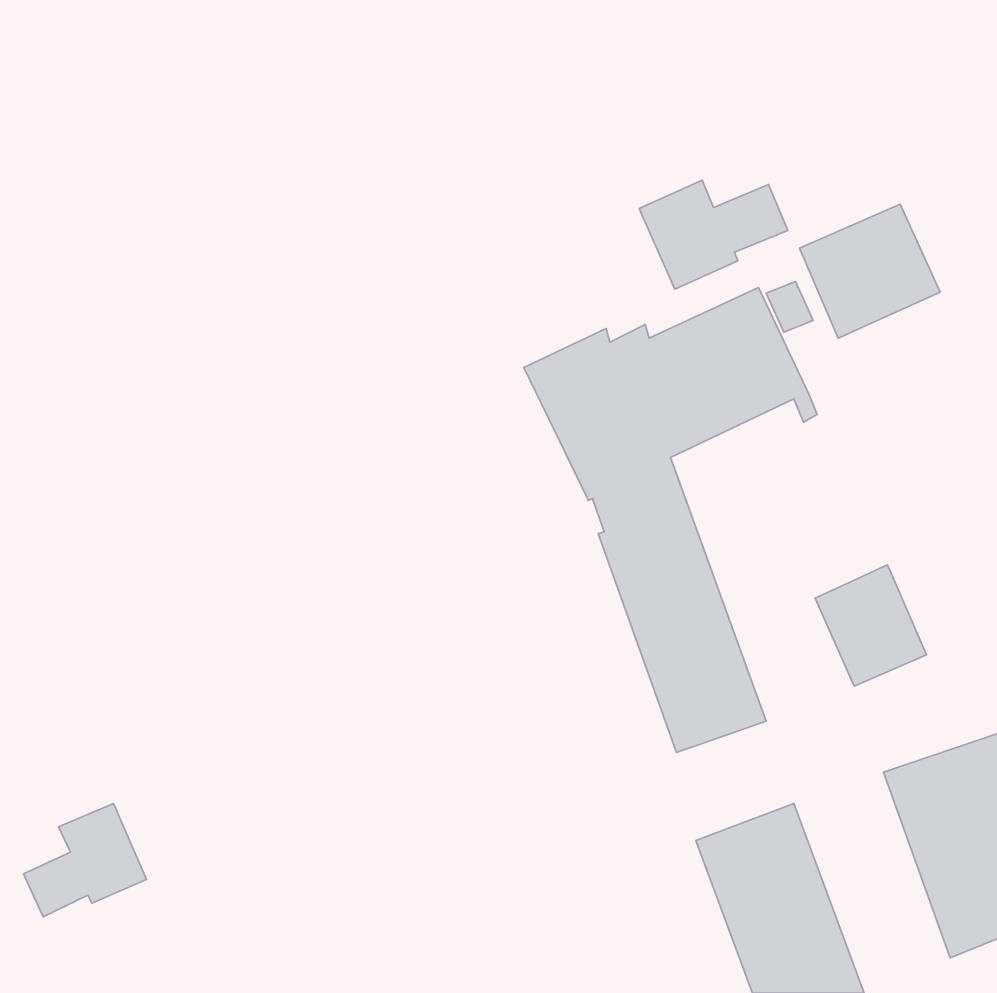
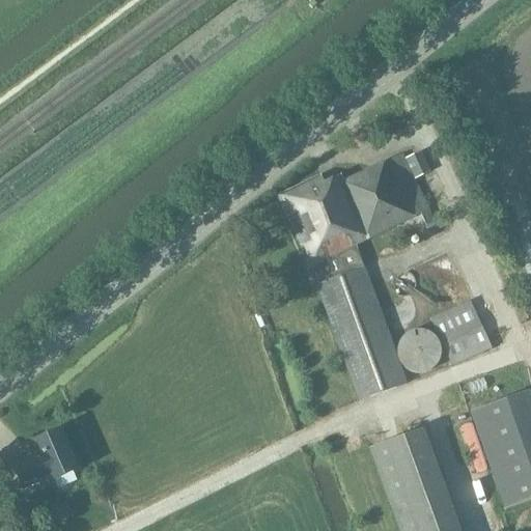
building: [639,180,788,289] -> none
building: [800,204,940,338] -> none
building: none -> [398,328,442,371]

